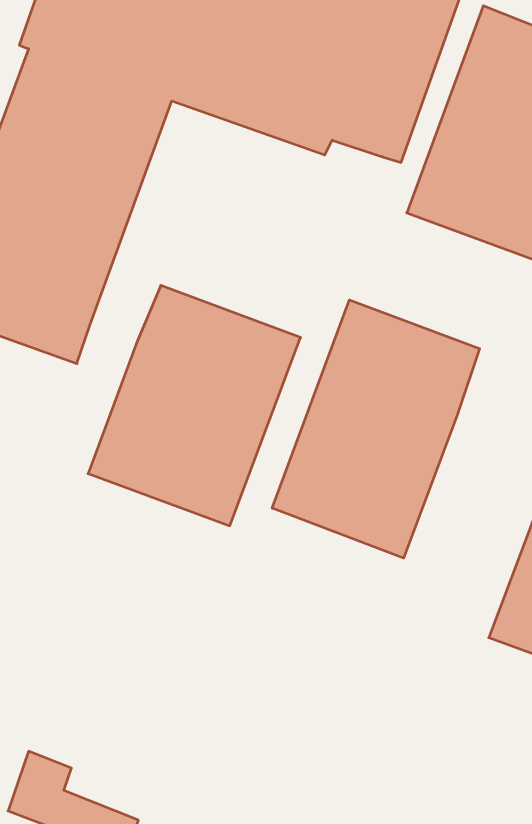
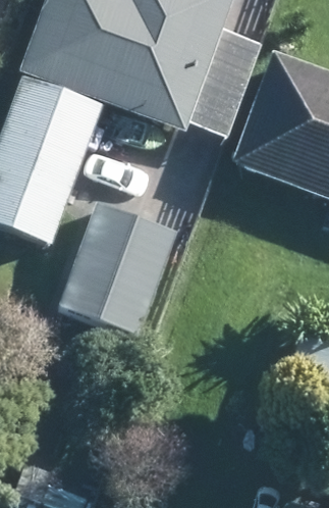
building: [272,300,480,558] -> none

